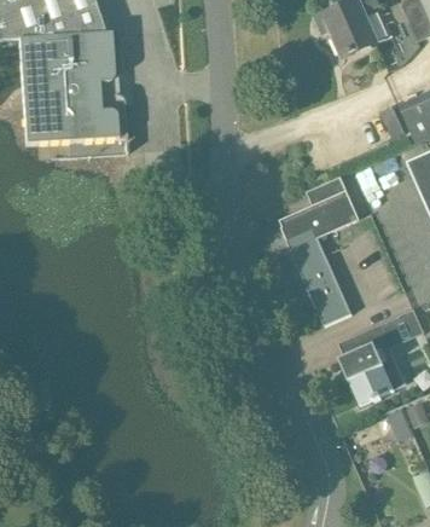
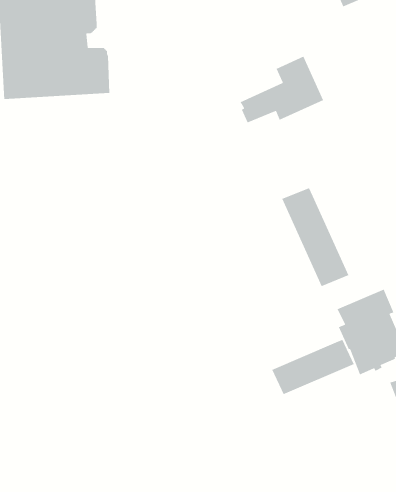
building: [279,174,359,238] -> [239,56,324,124]
building: none -> [271,339,355,395]

